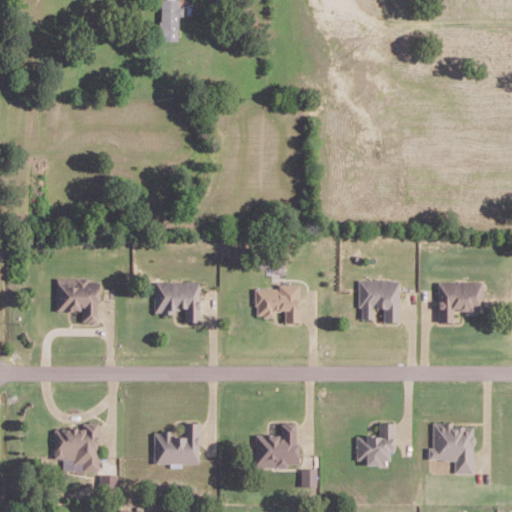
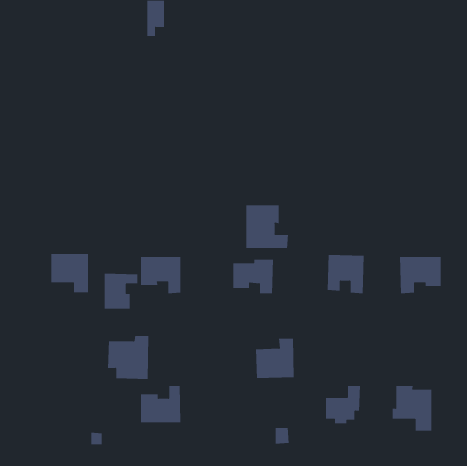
building: none -> [246,204,289,249]
building: none -> [104,273,138,309]
building: [53,423,99,471] -> [107,336,149,379]
building: [255,423,298,467] -> [255,338,295,378]

